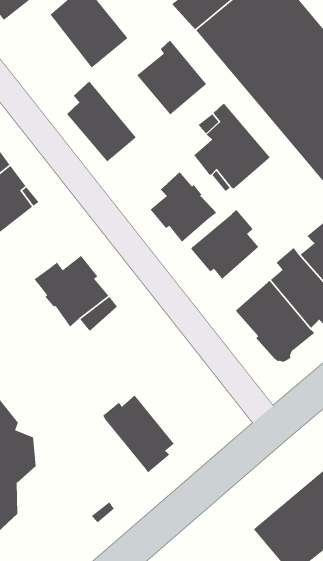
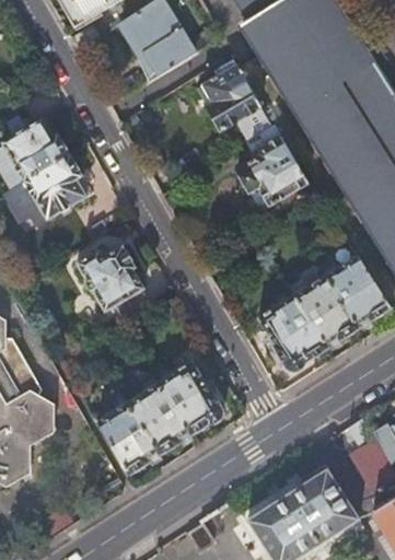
building: [66,81,137,163] -> none
building: [150,171,217,243] -> none
building: [190,209,259,280] -> none
building: none -> [155,360,224,435]
building: none -> [93,400,155,475]

